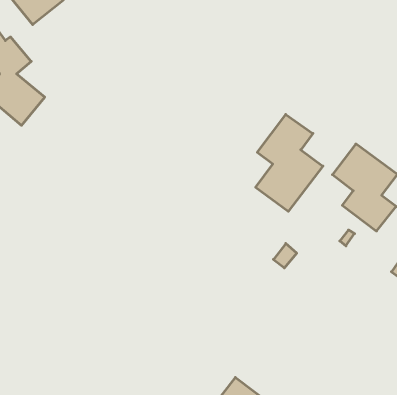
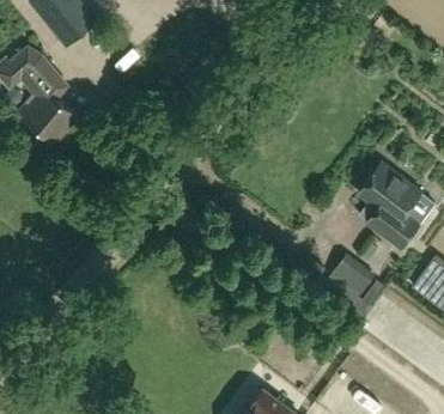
building: [256,114,323,211] -> none
building: none -> [326,254,375,319]

